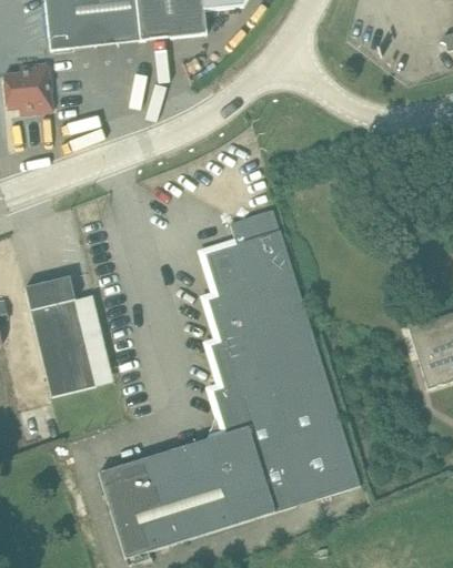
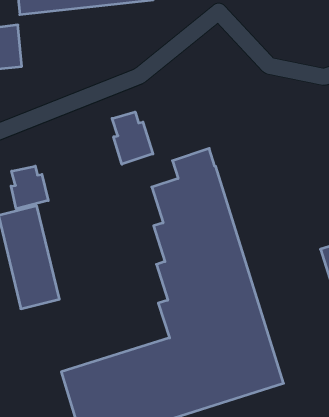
building: none -> [112,112,153,164]
building: none -> [11,166,48,209]

